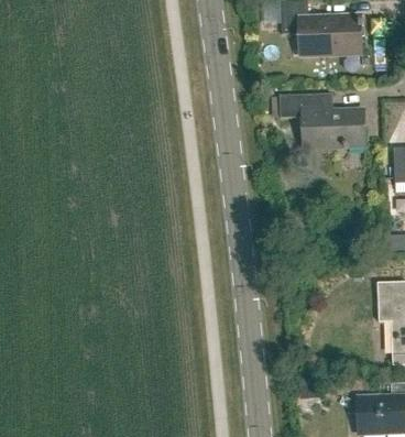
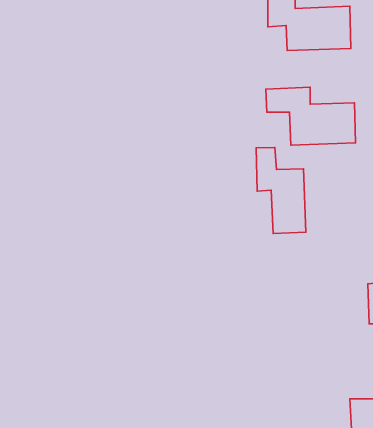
building: none -> [256,147,306,234]

